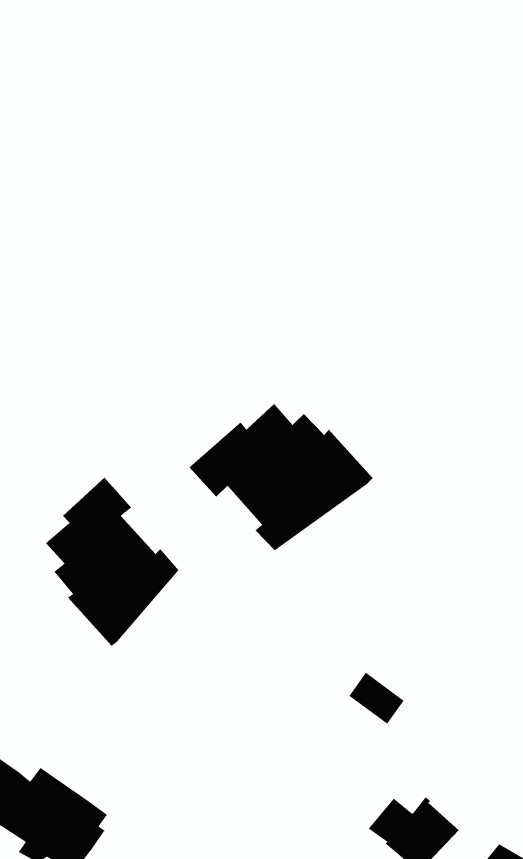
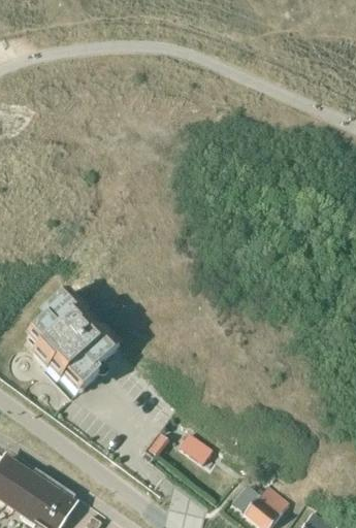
building: [189,403,373,551] -> none
building: [349,672,405,725] -> [179,433,213,465]

